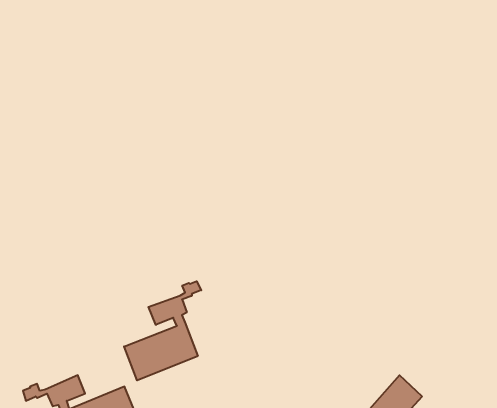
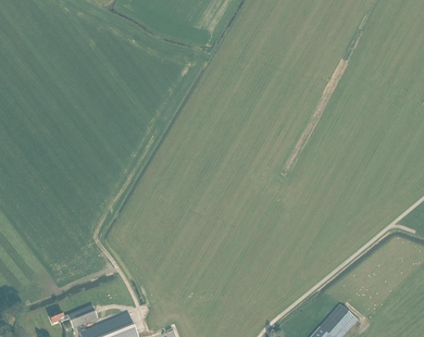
building: [124,281,201,380] -> none

